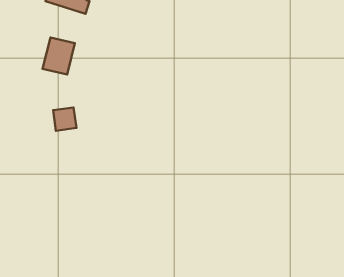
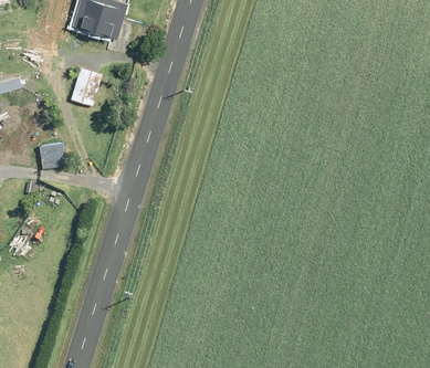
building: [53,107,77,131] -> [39,143,65,169]

